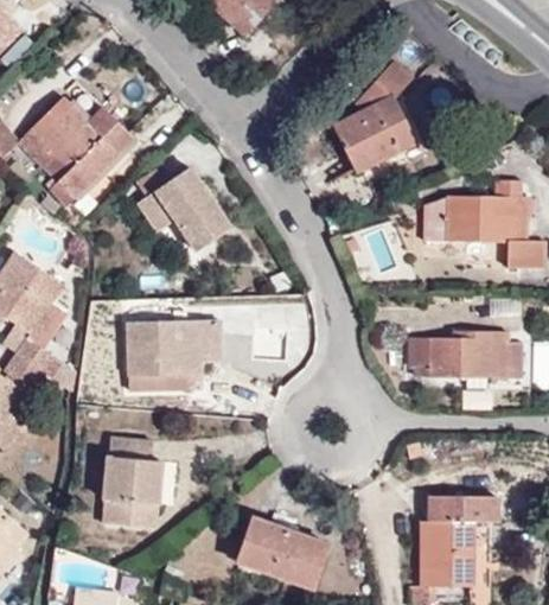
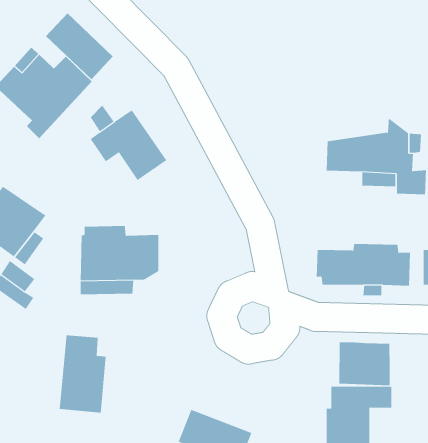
building: none -> [45,13,114,80]
building: [330,66,422,174] -> none
building: none -> [339,341,390,386]

